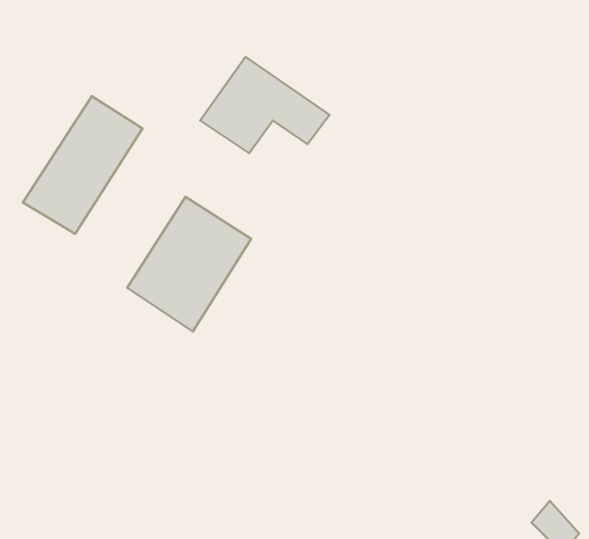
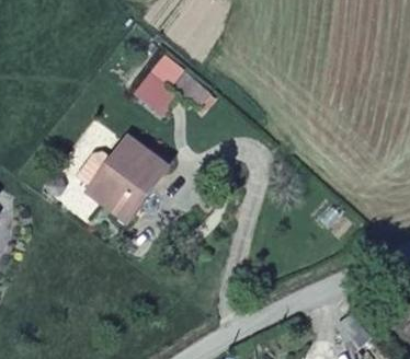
building: [23,96,142,234] -> none

